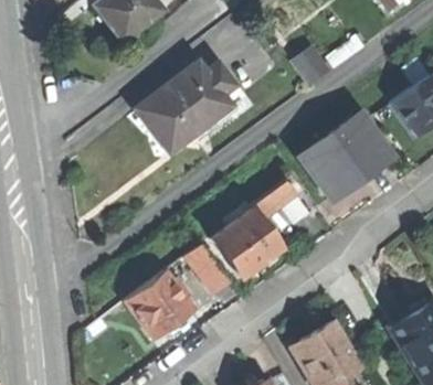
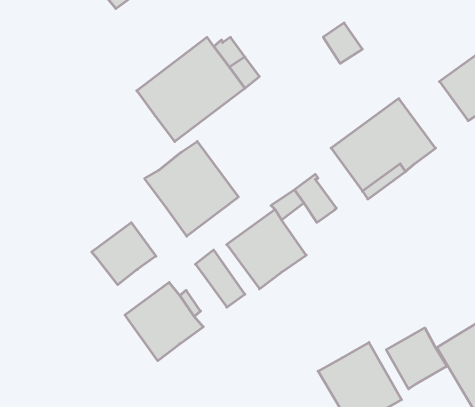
building: none -> [145,141,238,236]
building: none -> [92,223,156,285]
building: none -> [386,328,447,389]

